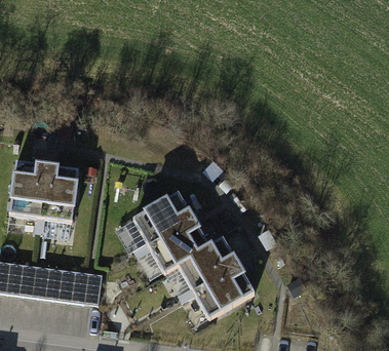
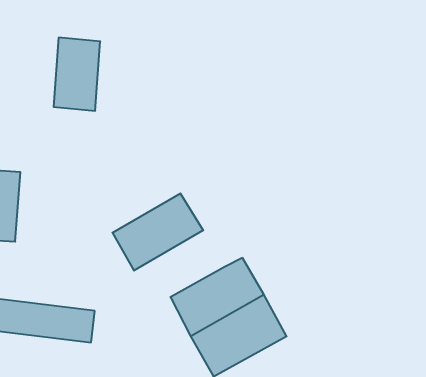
building: [40,163,78,223] -> [54,38,100,111]
building: [137,210,210,273] -> none

